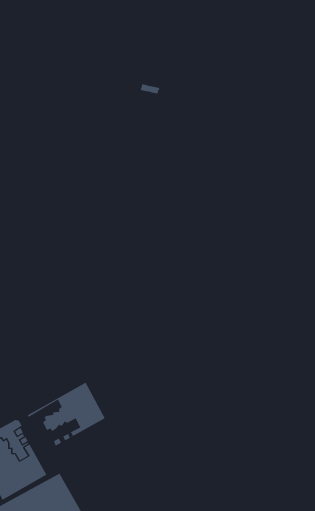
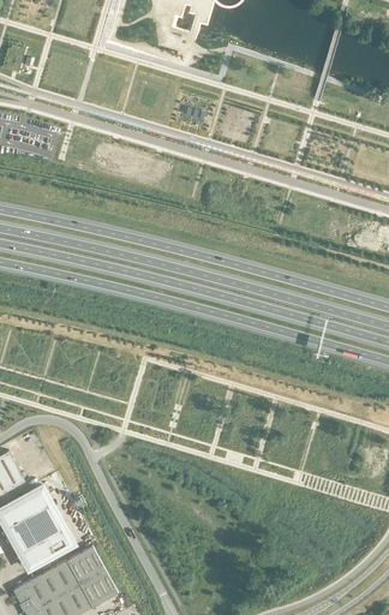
building: [27,382,106,446] -> none

